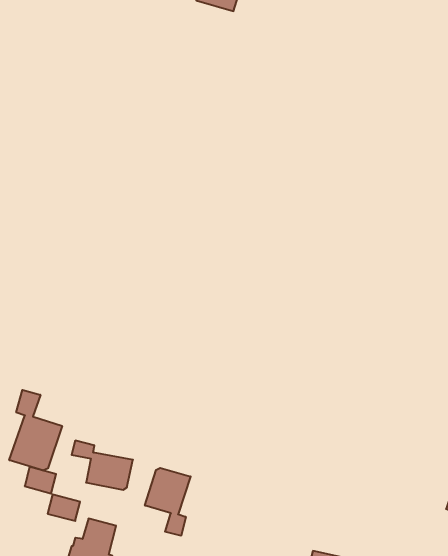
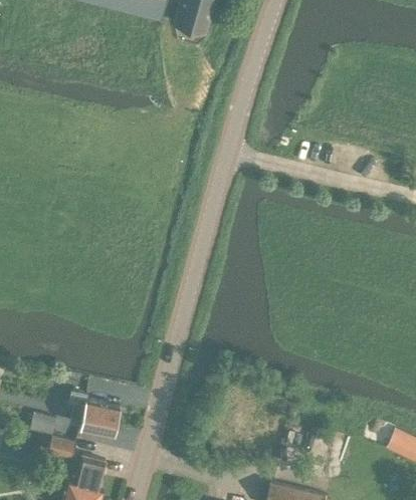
building: [9,390,62,471] -> none
building: [145,468,191,536] -> none

